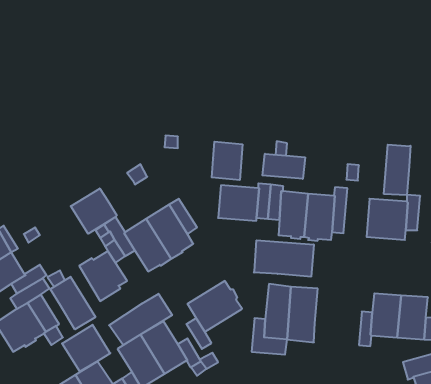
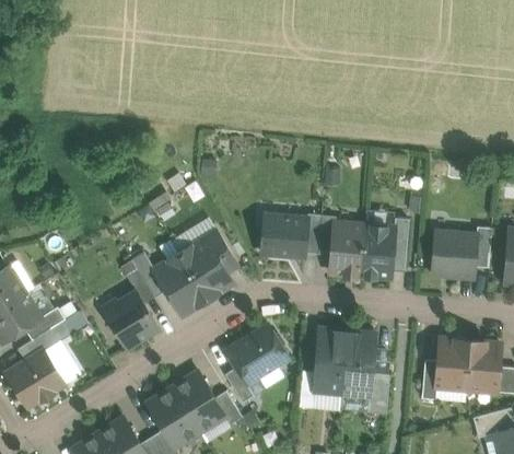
building: [212,142,242,180] -> none
building: [384,145,410,195] -> none
building: [262,154,305,179] -> none
building: [71,188,117,234] -> none
building: [254,240,314,277] -> none
building: [50,277,95,329] -> none
building: [109,294,172,345] -> none
building: none -> [366,373,388,414]
building: [62,325,110,372] -> none

